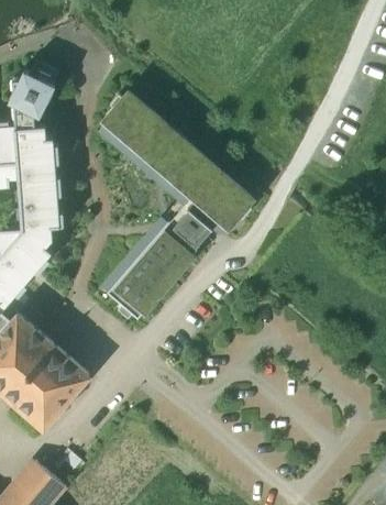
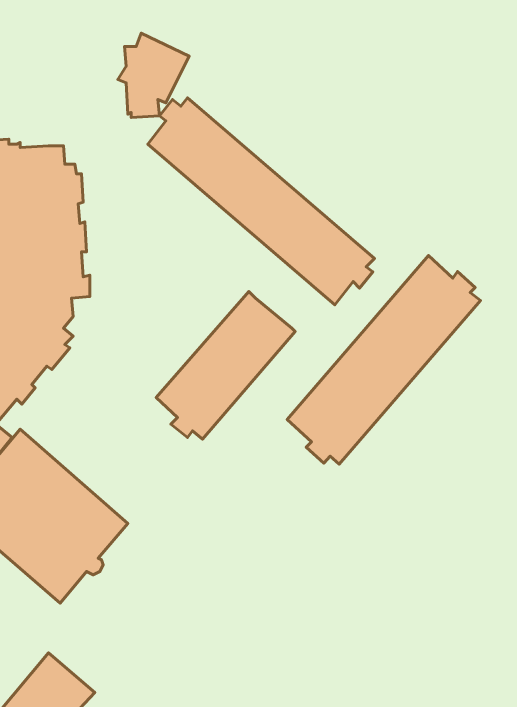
building: [9,70,56,127] -> [118,33,189,118]
building: none -> [287,256,480,464]
building: [174,209,213,246] -> none

